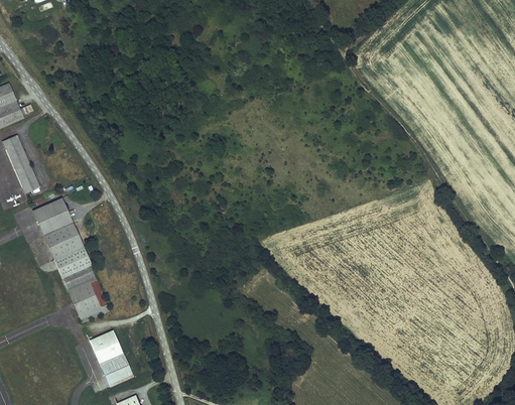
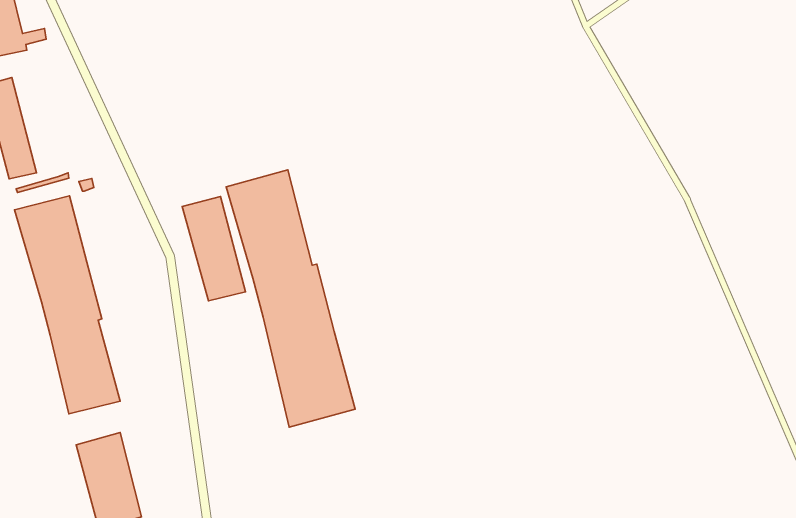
building: none -> [226,170,355,427]
building: none -> [182,196,246,301]

